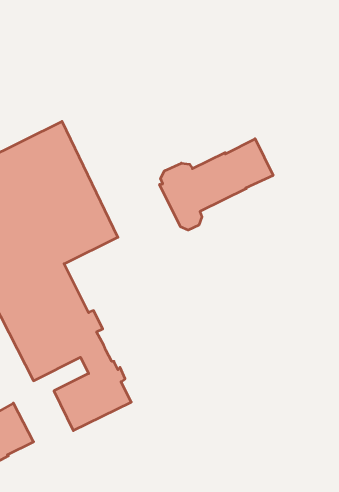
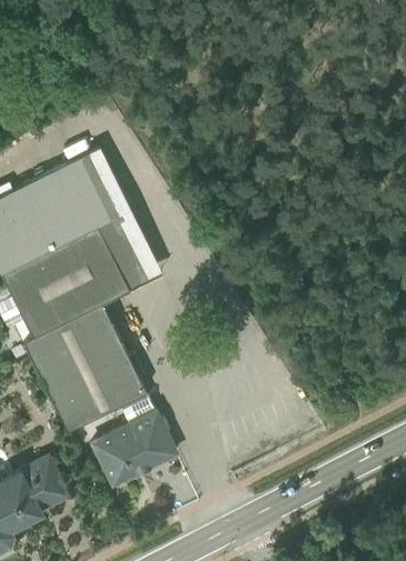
building: [160,139,273,230] -> none

